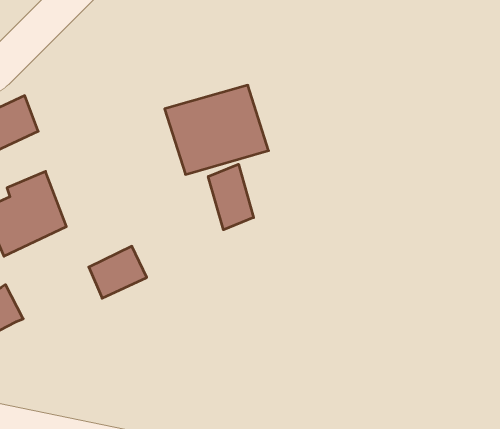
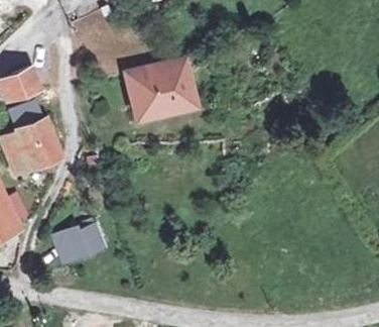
building: [208,164,254,230] -> none
building: [89,246,147,298] -> [64,225,103,260]

